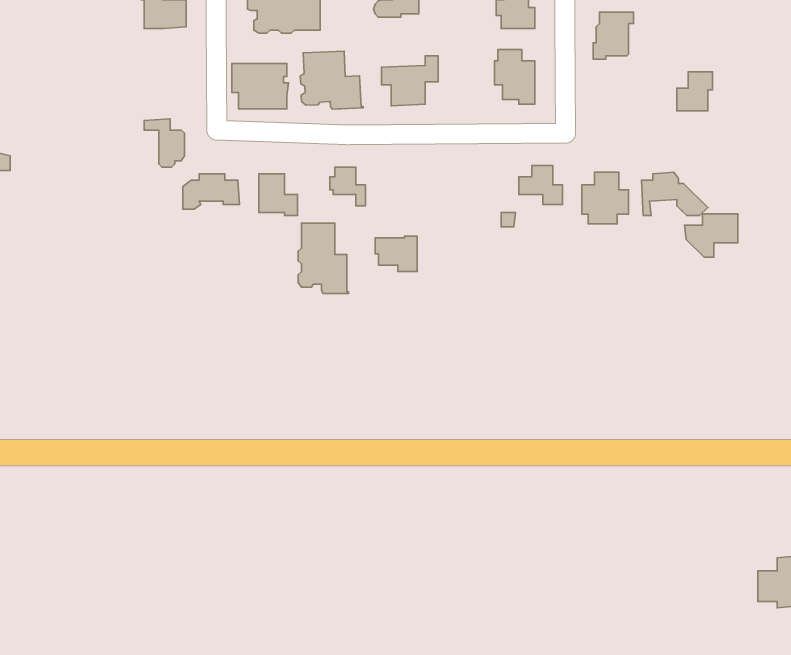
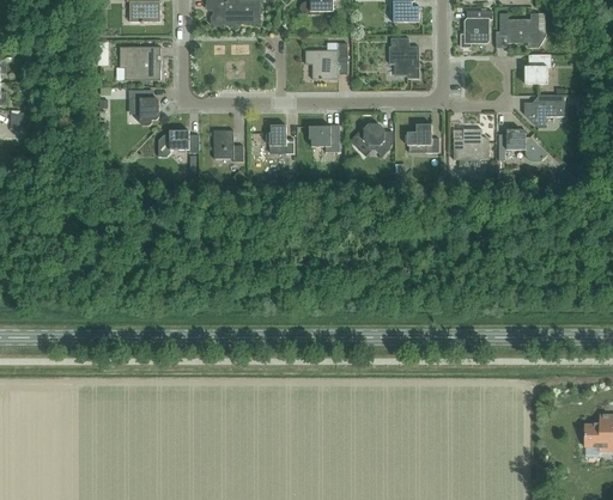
building: none -> [498,12,545,47]
building: [300,51,363,109] -> none
building: [232,64,288,109] -> [119,45,160,79]
building: none -> [351,123,392,151]
building: [685,214,738,257] -> [523,94,563,127]
building: [298,223,348,294] -> none
building: [375,236,417,272] -> [308,124,339,151]

